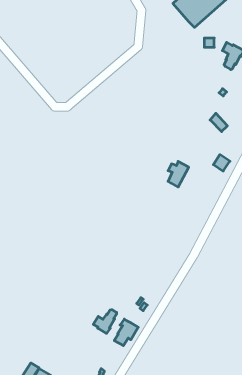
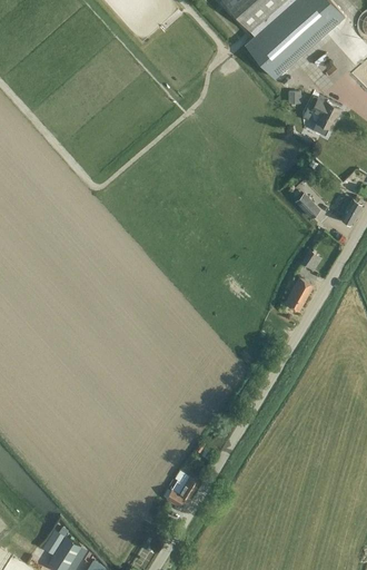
building: [168,161,189,187] -> [285,277,313,312]
building: [93,310,117,333] -> none

